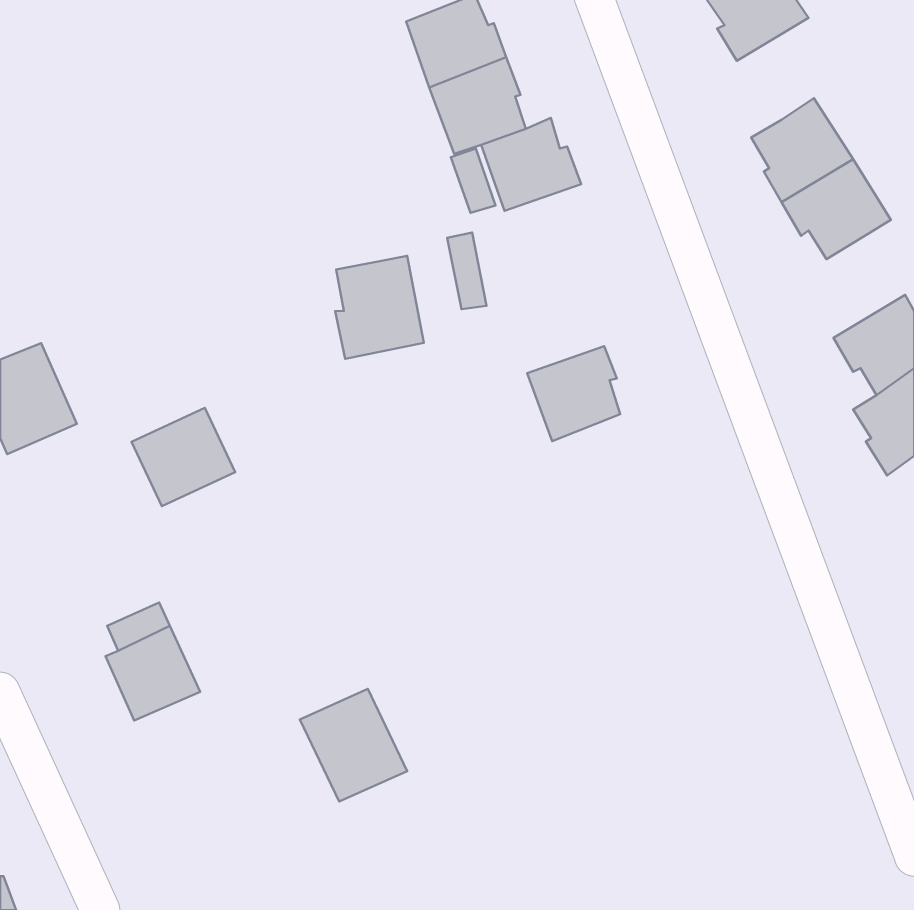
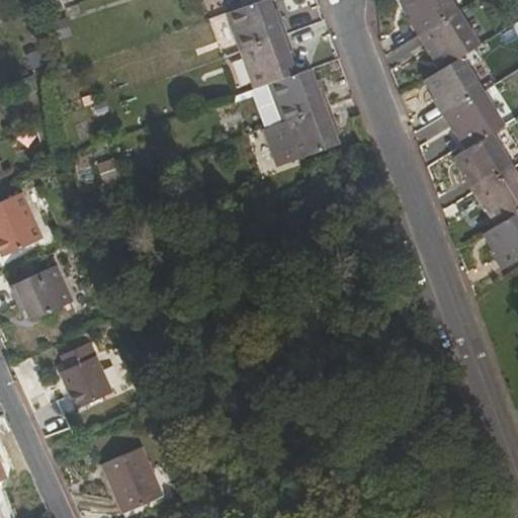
building: none -> [417,10,479,68]
building: none -> [454,133,512,191]
building: [335,256,424,359] -> none
building: [527,346,620,441] -> [285,104,338,158]
building: [132,408,235,506] -> [14,264,73,320]
building: [300,689,407,802] -> [103,447,164,511]

